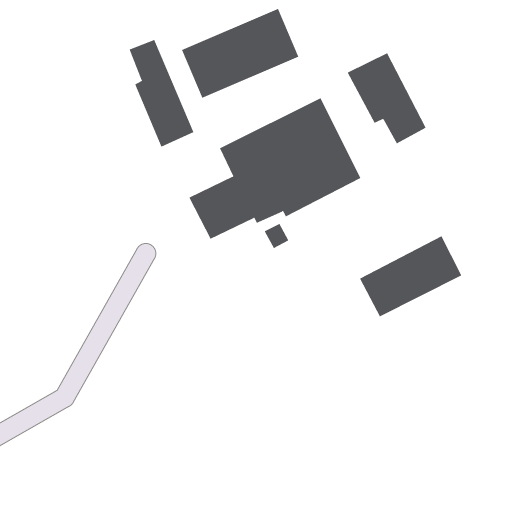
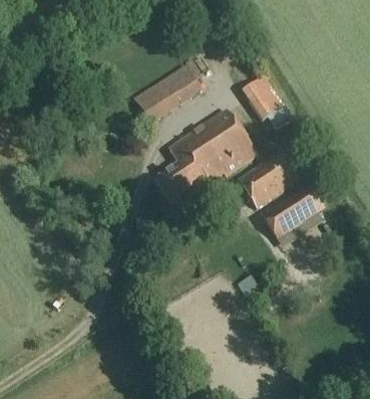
building: [129,39,194,148] -> none
building: none -> [237,151,298,207]

